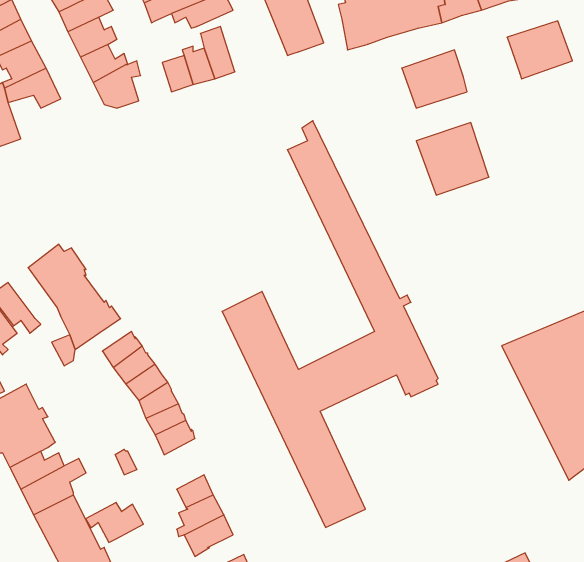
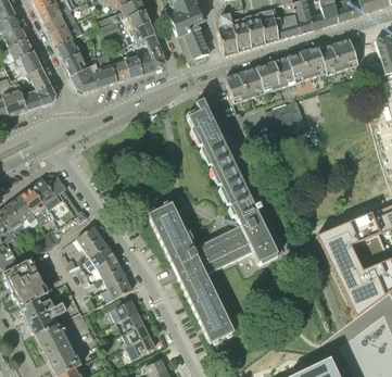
building: none -> [132,33,165,70]
building: none -> [287,47,326,81]
building: none -> [93,52,117,87]
building: none -> [225,67,264,102]
building: none -> [20,84,55,110]
building: none -> [20,187,51,225]
building: [85,502,143,542] -> [102,298,137,322]

